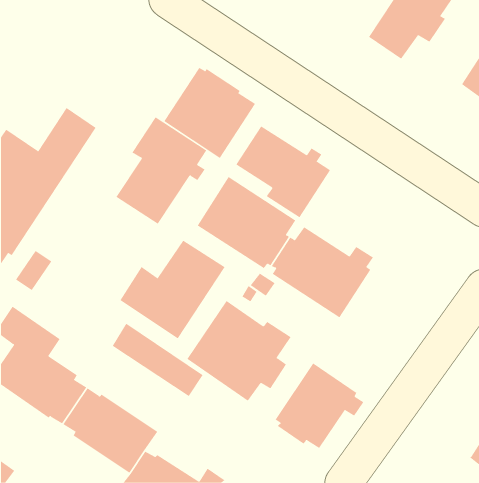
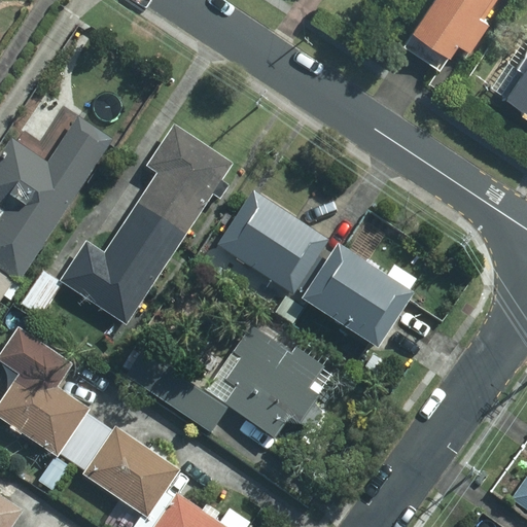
building: [163,67,256,159] -> none
building: [235,125,331,218] -> none
building: [119,240,225,339] -> [62,214,177,322]
building: [275,363,364,449] -> none

